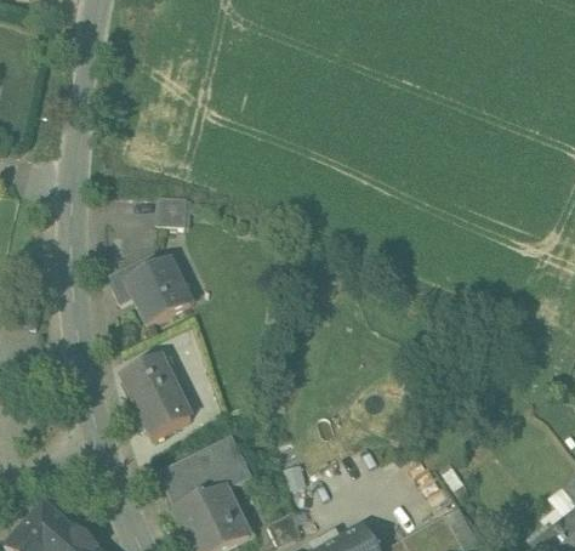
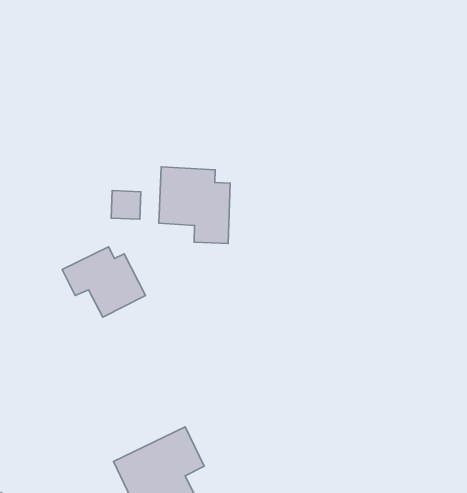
building: none -> [159,167,230,244]
building: [123,356,193,437] -> none

